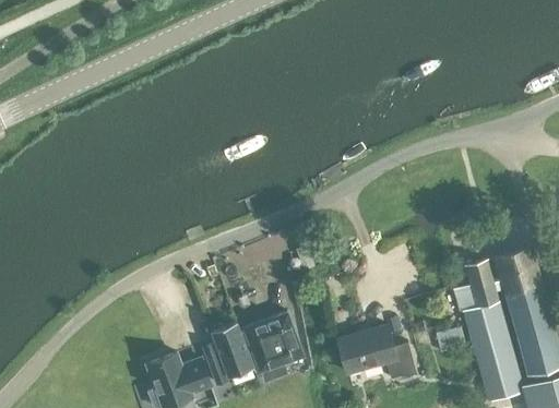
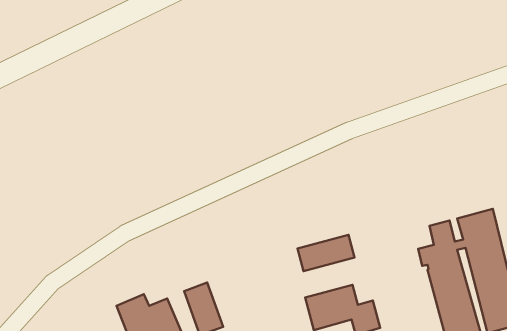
building: none -> [298,235,355,271]
building: [238,313,298,372] -> none

